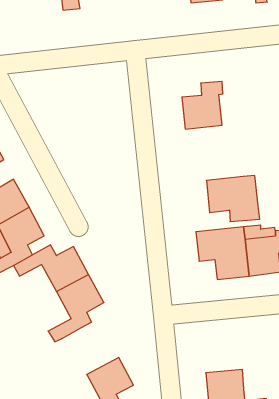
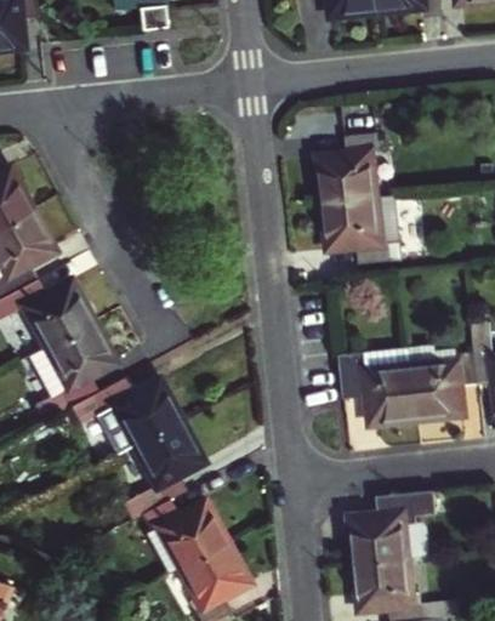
building: [206,176,260,222] -> [323,195,402,263]
building: none -> [349,490,434,563]
building: none -> [141,496,224,571]

